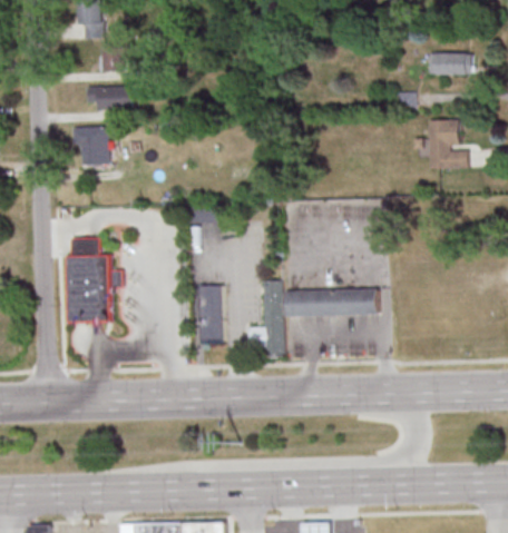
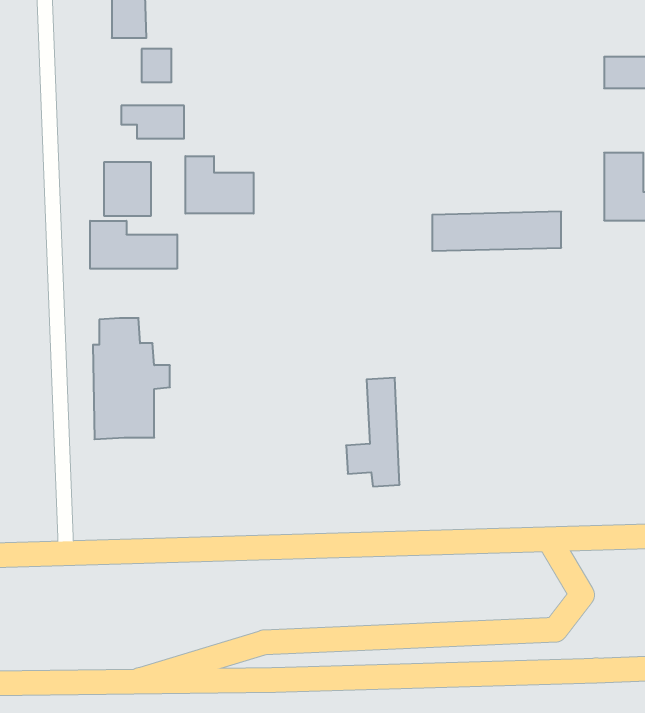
building: none -> [185,156,254,214]
building: none -> [90,221,177,269]
building: [198,285,223,342] -> none
building: [286,288,378,316] -> [432,212,561,251]

